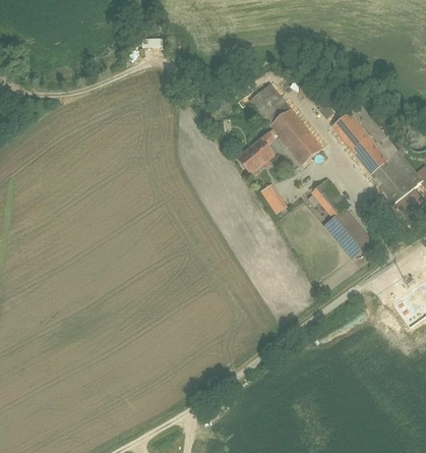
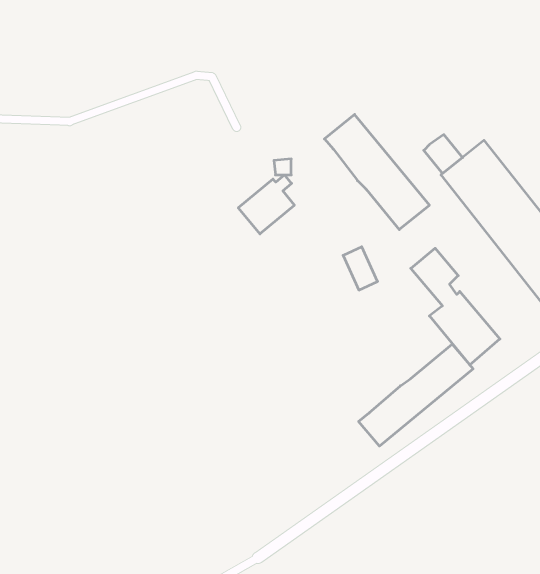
building: [235,133,275,175] -> [238,175,294,234]
building: none -> [359,344,473,446]

